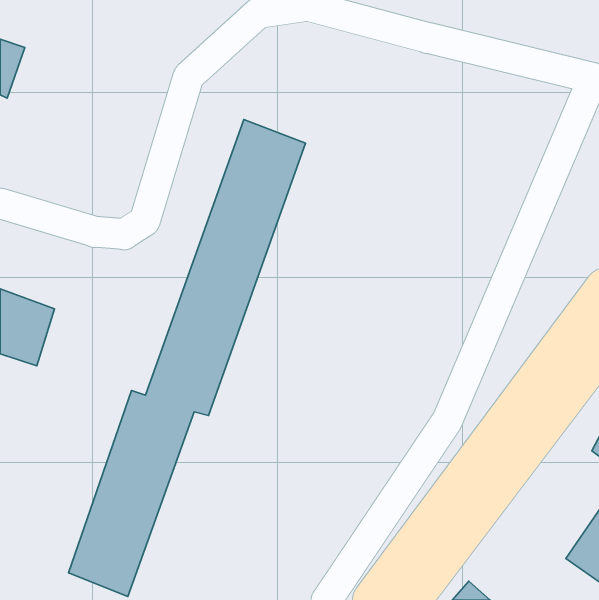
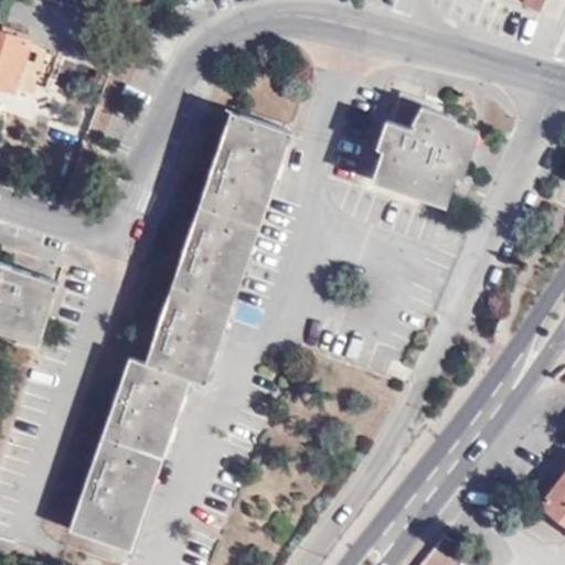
building: none -> [373,97,472,204]

